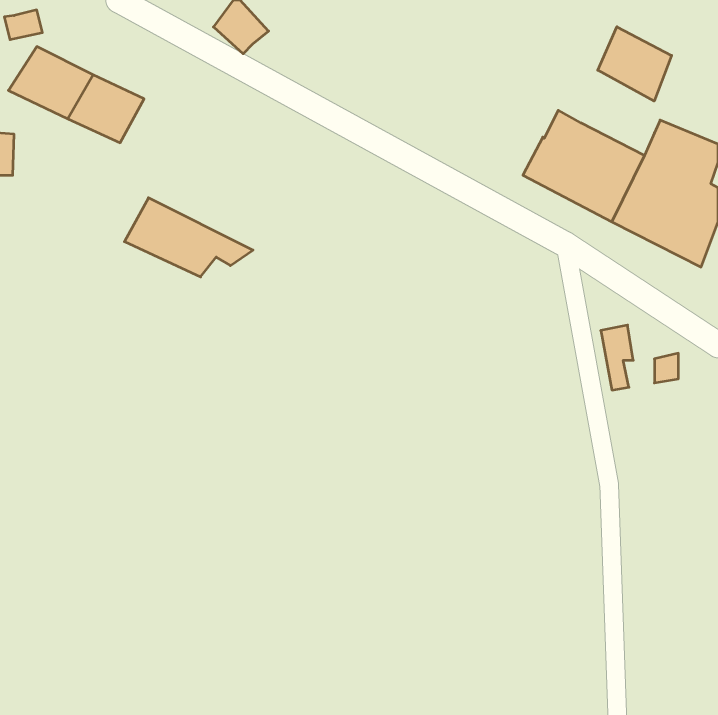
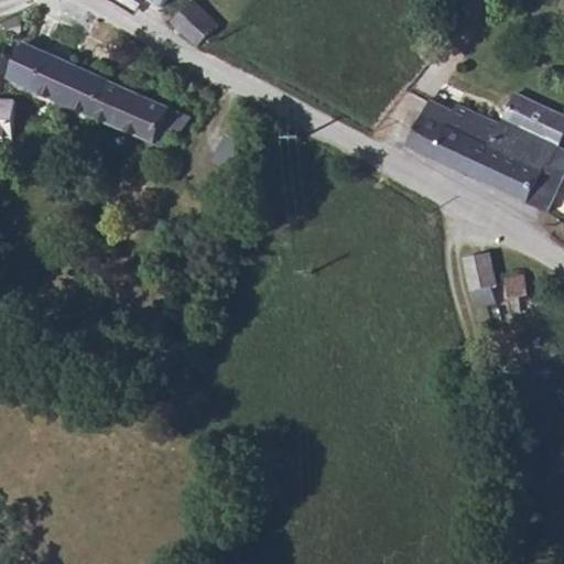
building: [598,27,672,101] -> none
building: [124,198,253,277] -> [94,83,194,144]

